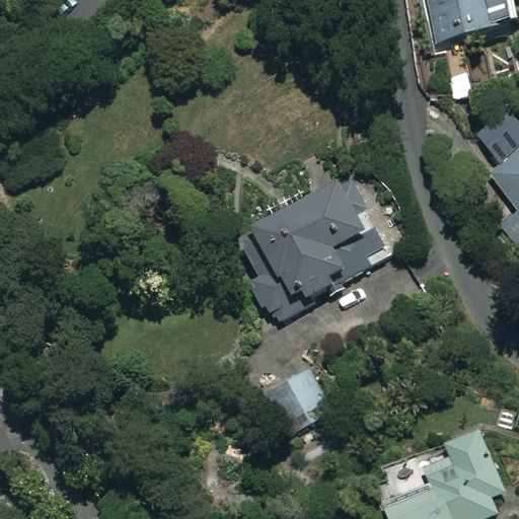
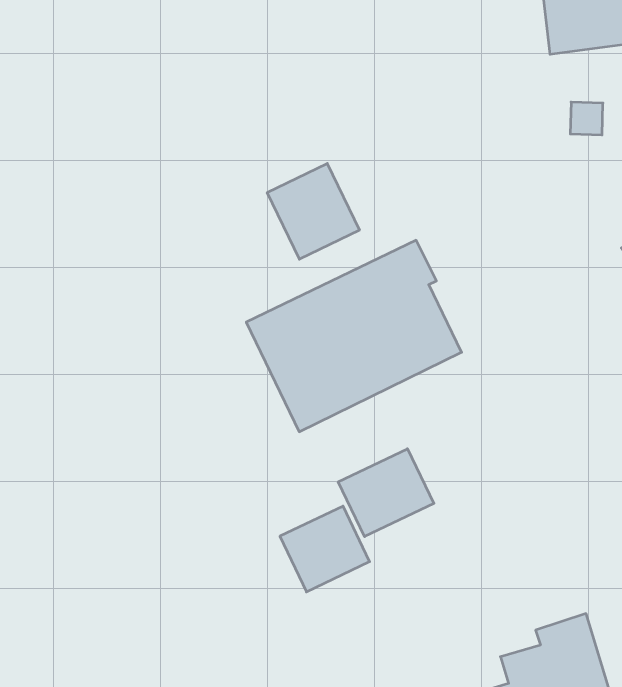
building: none -> [267,163,359,259]
building: none -> [338,449,434,537]

